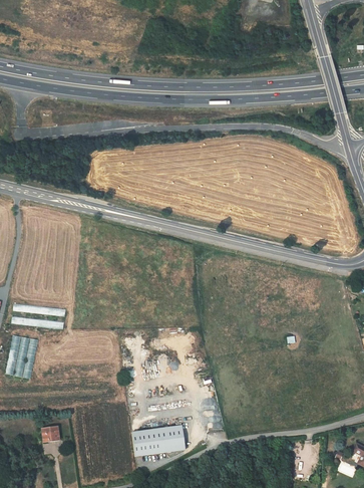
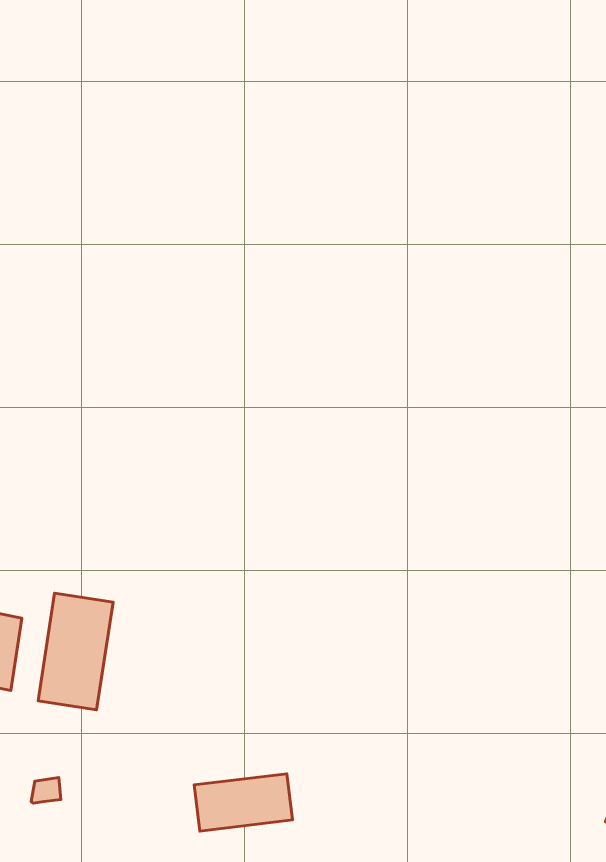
building: none -> [38,593,113,710]

